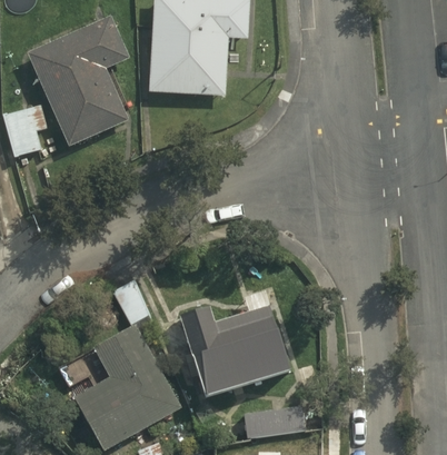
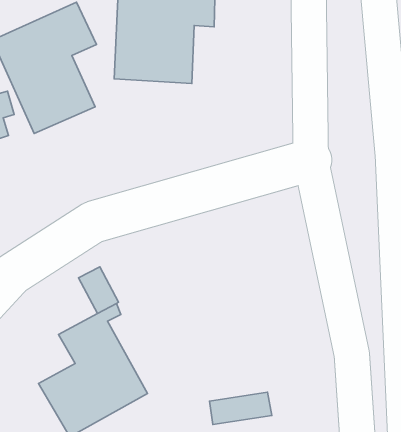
building: [179,304,290,398] -> none

